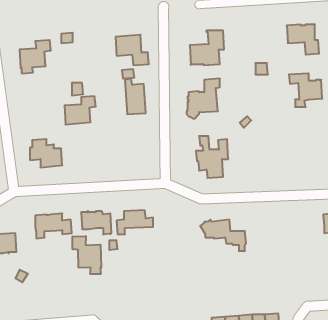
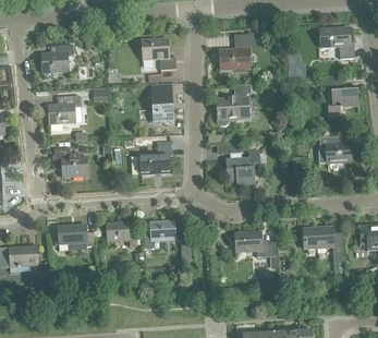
building: [64,96,96,124] -> [48,94,81,123]
building: none -> [318,135,350,161]
building: none -> [139,141,172,173]
building: none -> [304,226,343,262]
building: [73,236,101,274] -> none

